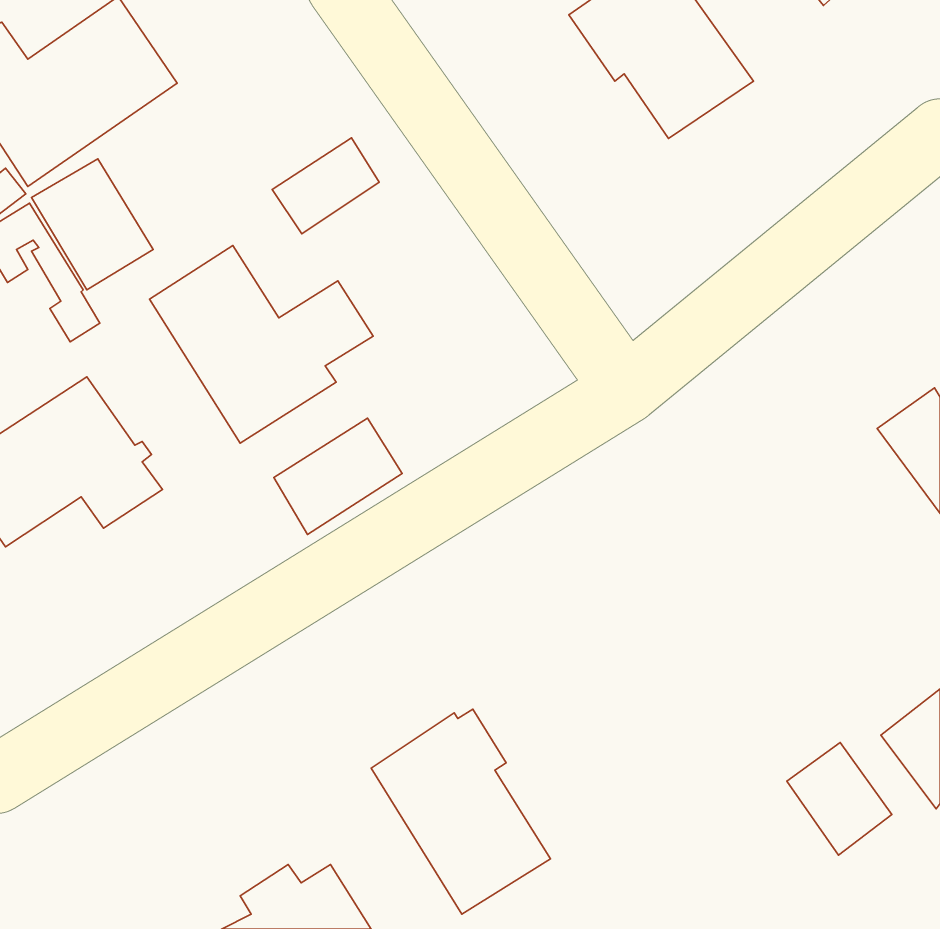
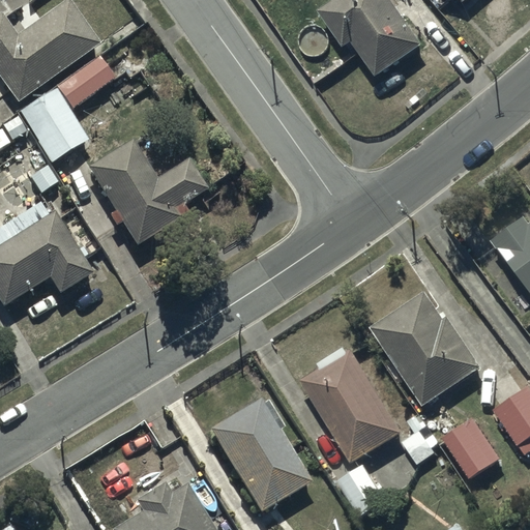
building: [272,138,379,234] -> [53,55,113,109]
building: [274,418,402,535] -> none
building: none -> [370,290,481,407]
building: none -> [300,347,402,516]

